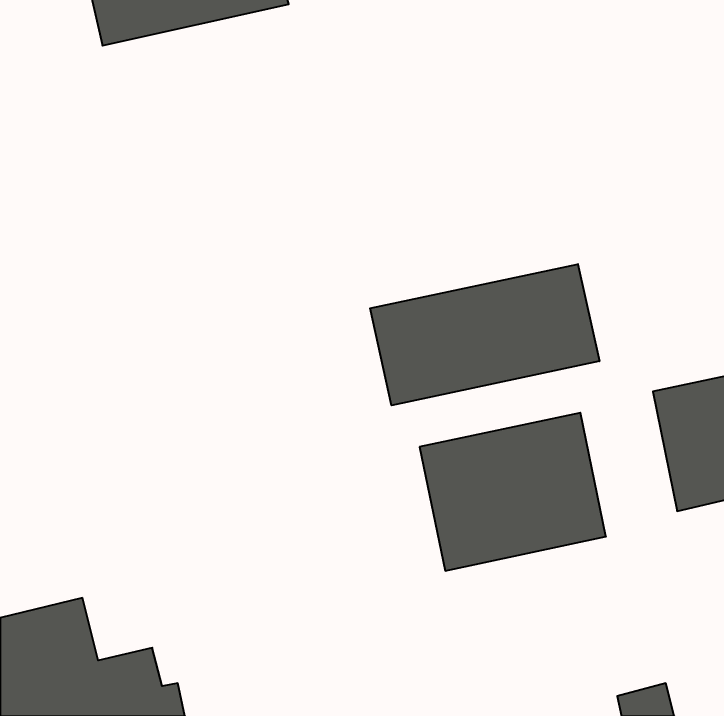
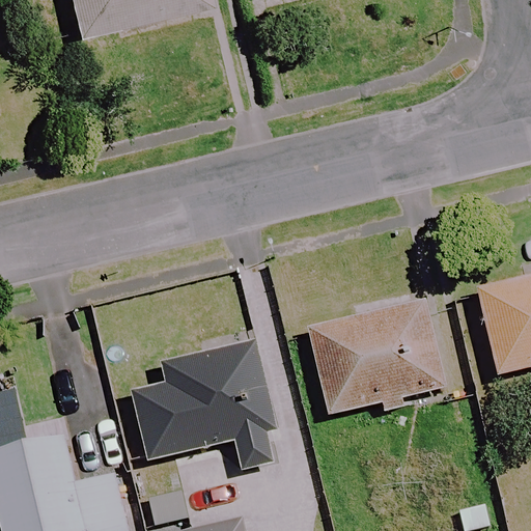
building: [370,264,599,405] -> none
building: none -> [133,341,279,473]

